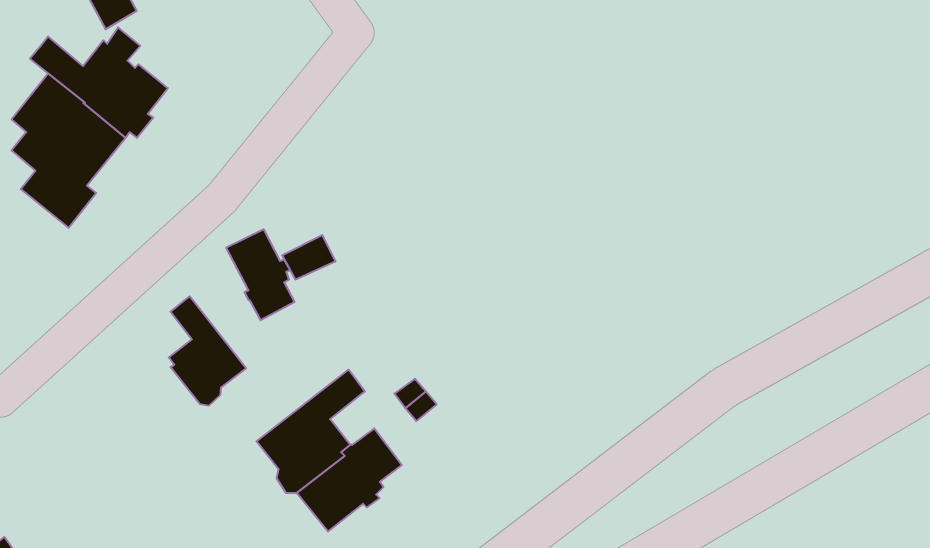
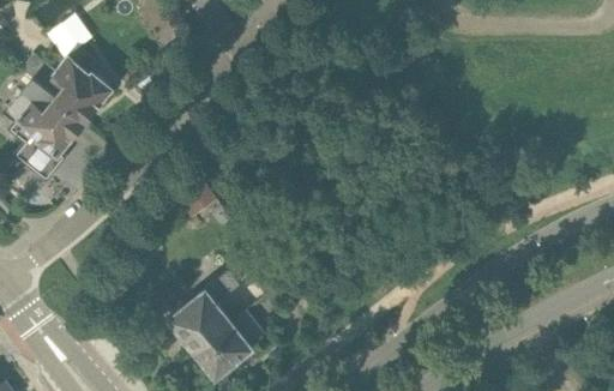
building: [226,229,295,320] -> none
building: [169,296,246,406] -> none

